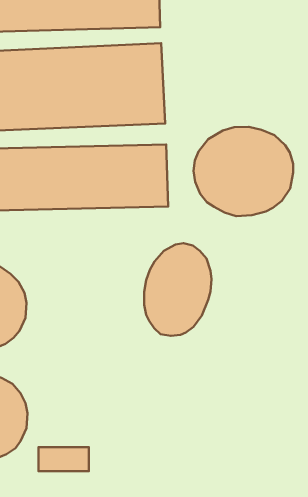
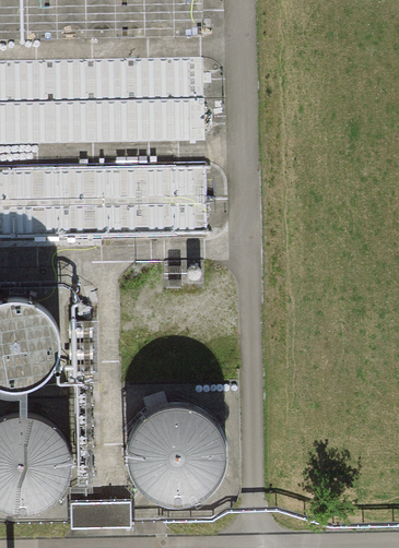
building: [193,127,293,216] -> none
building: [144,243,211,336] -> none
building: none -> [128,407,222,500]

